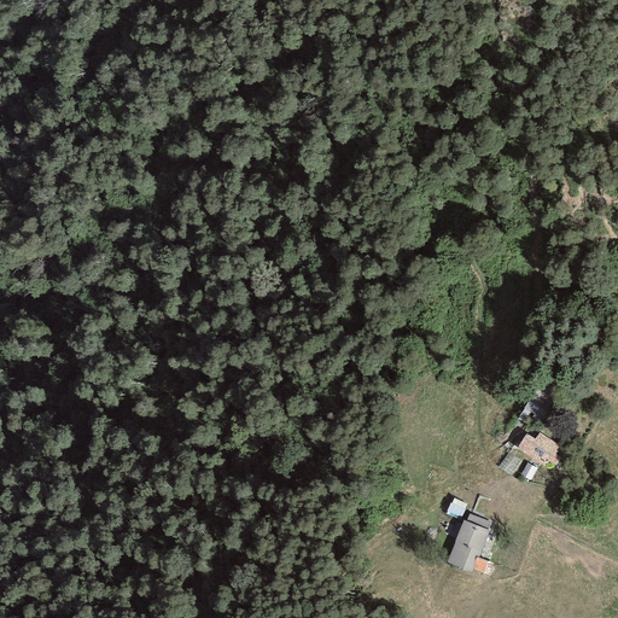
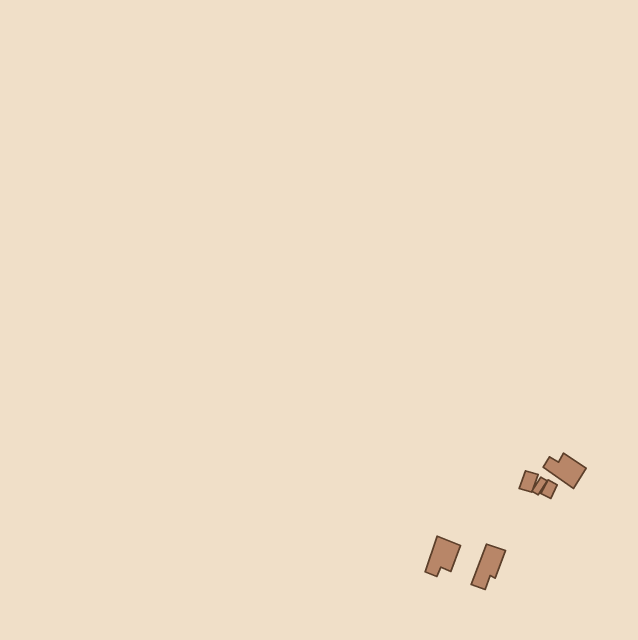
building: none -> [425,536,460,576]

